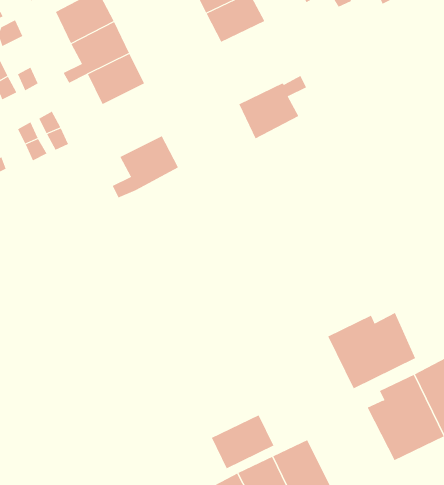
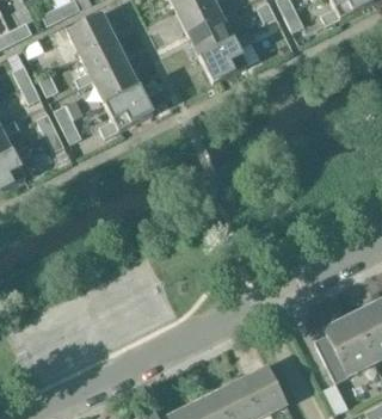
building: [238,75,307,139] -> [198,32,252,82]
building: [112,136,179,198] -> [99,87,152,136]
building: [328,312,416,389] -> none
building: [211,414,274,469] -> none

